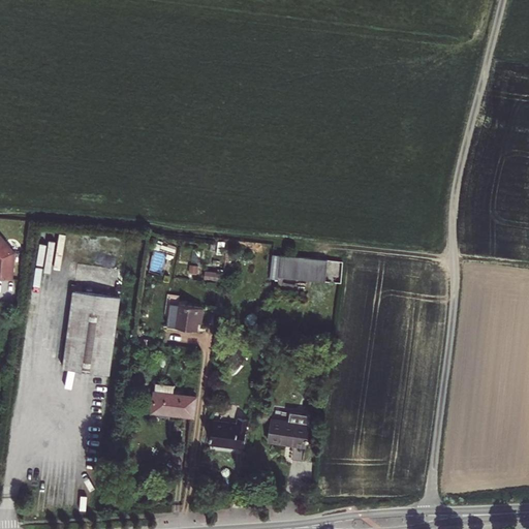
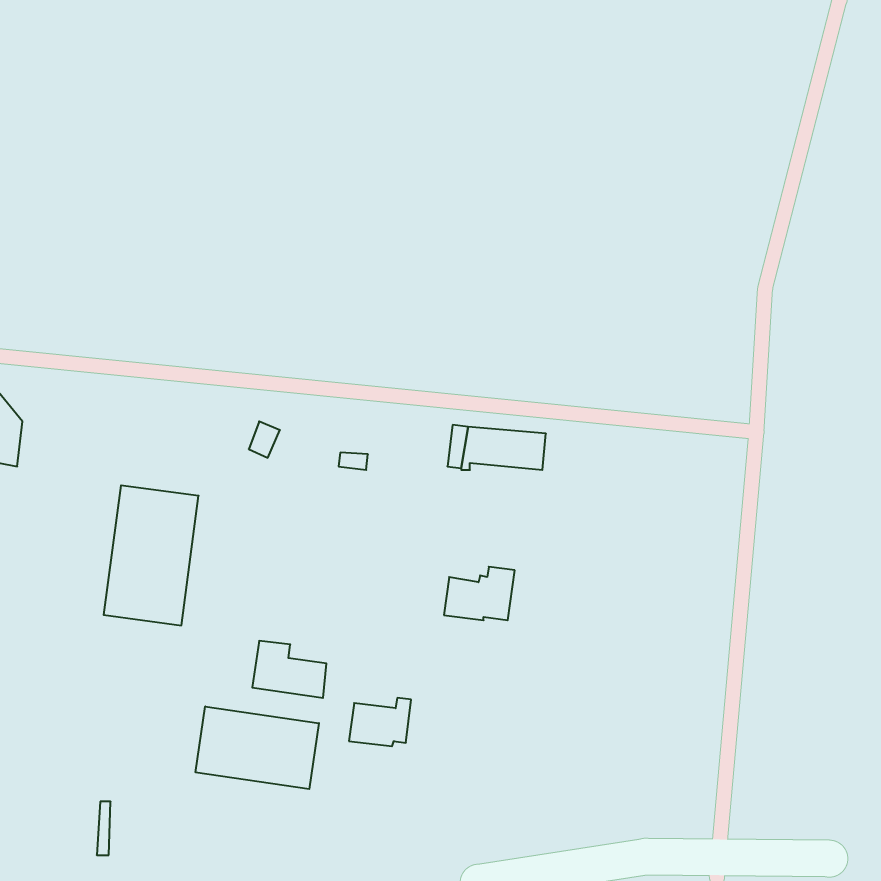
building: [166,302,201,332] -> none
building: [267,413,309,445] -> [444,567,515,620]
building: none -> [196,706,319,789]

